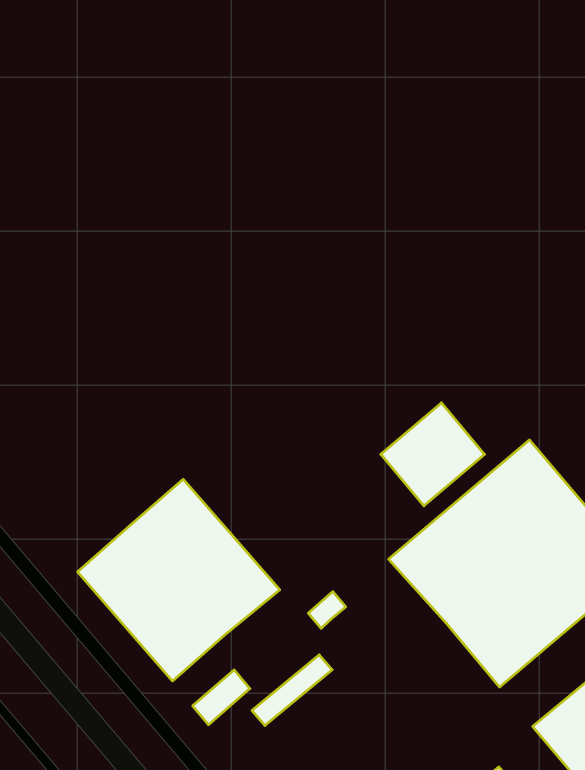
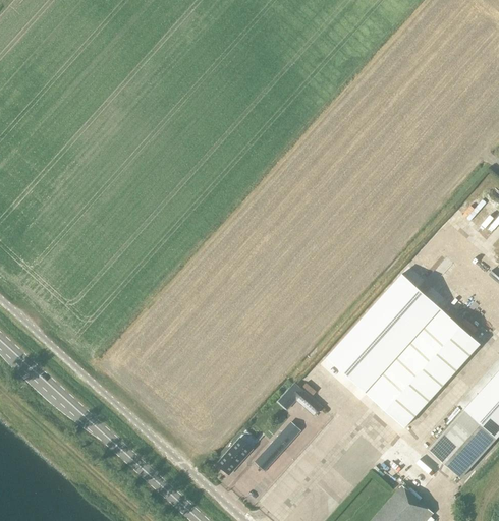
building: [381,403,485,506] -> none
building: [78,479,280,681] -> none

